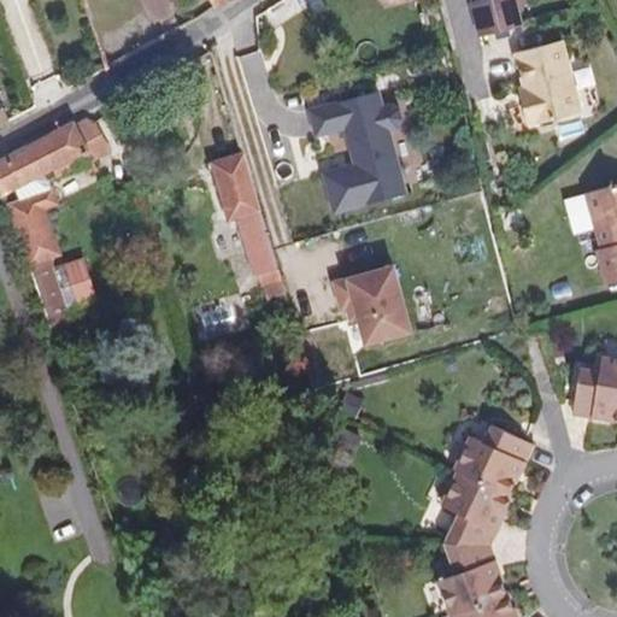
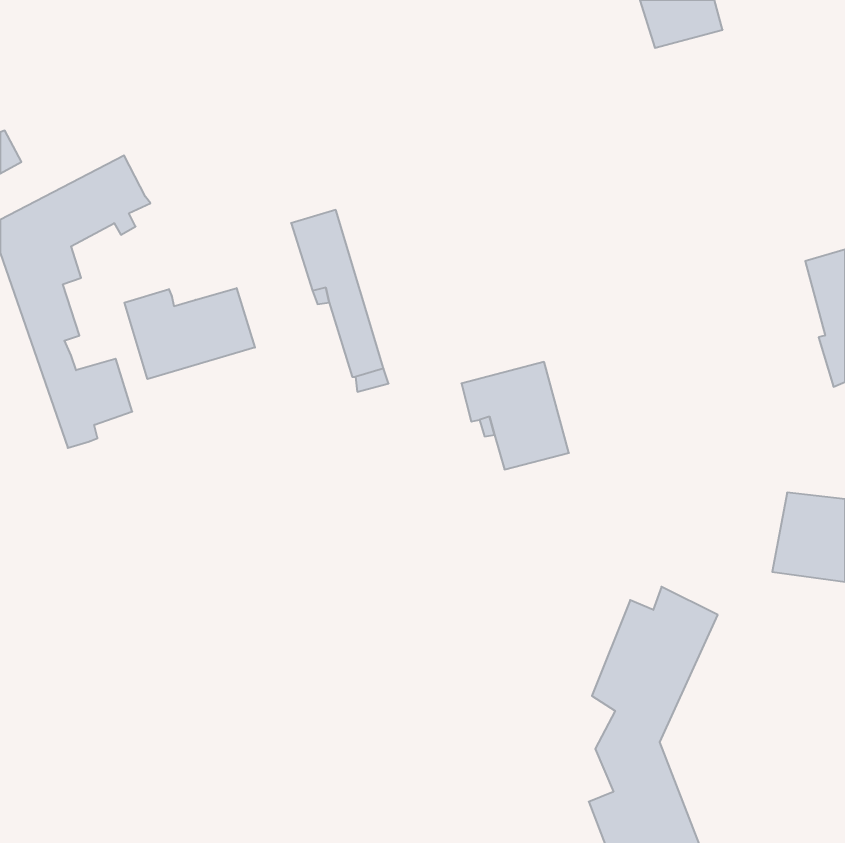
building: [517,37,588,123] -> none
building: [312,90,409,212] -> none
building: none -> [124,288,255,379]

